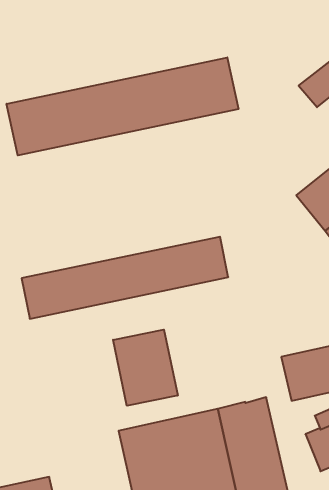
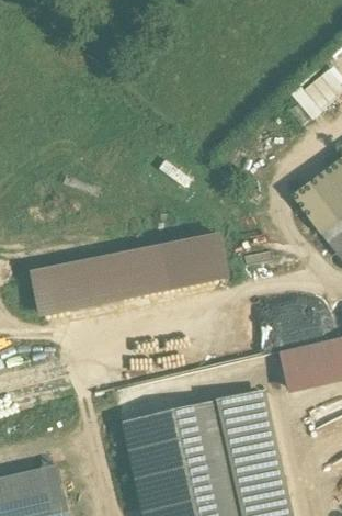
building: [7,57,238,155] -> none
building: [113,330,178,406] -> none

